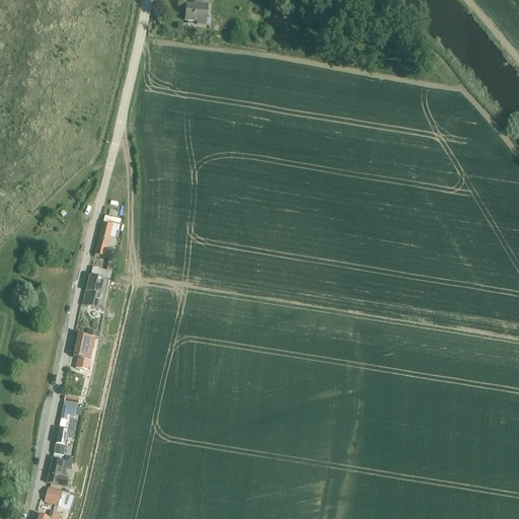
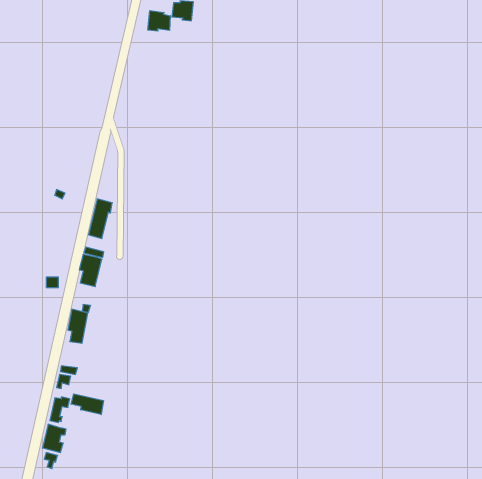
building: none -> [148,11,170,31]
building: none -> [71,394,104,415]

